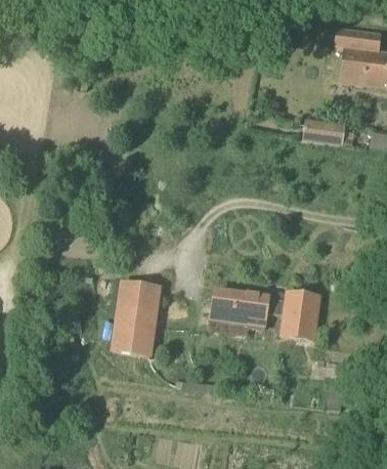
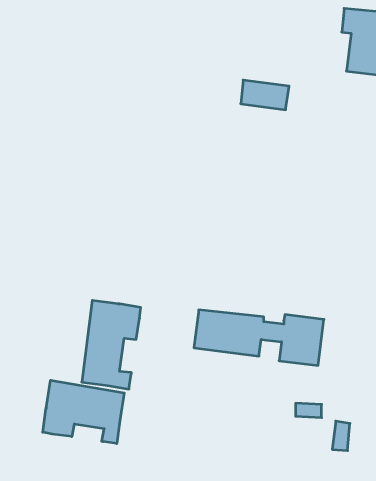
building: [301,120,343,145] -> [241,80,289,110]
building: none -> [43,380,124,444]

